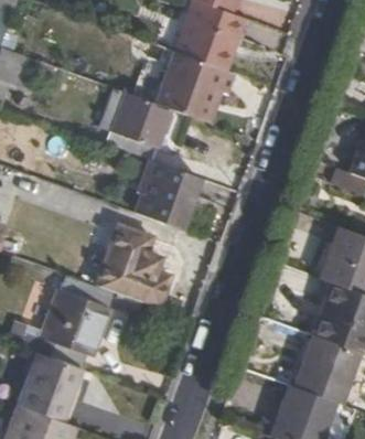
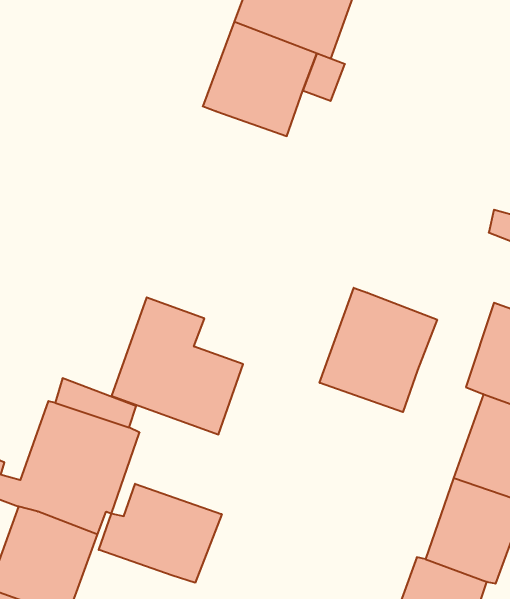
building: [89,85,163,146] -> none
building: [136,161,197,228] -> none
building: none -> [320,288,437,412]
building: none -> [99,484,222,583]

